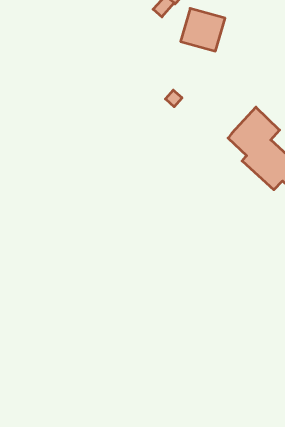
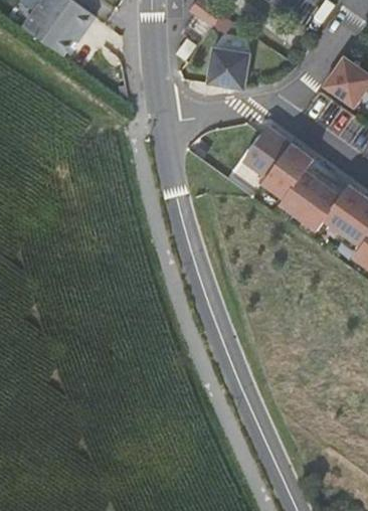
building: none -> [244,125,292,173]

